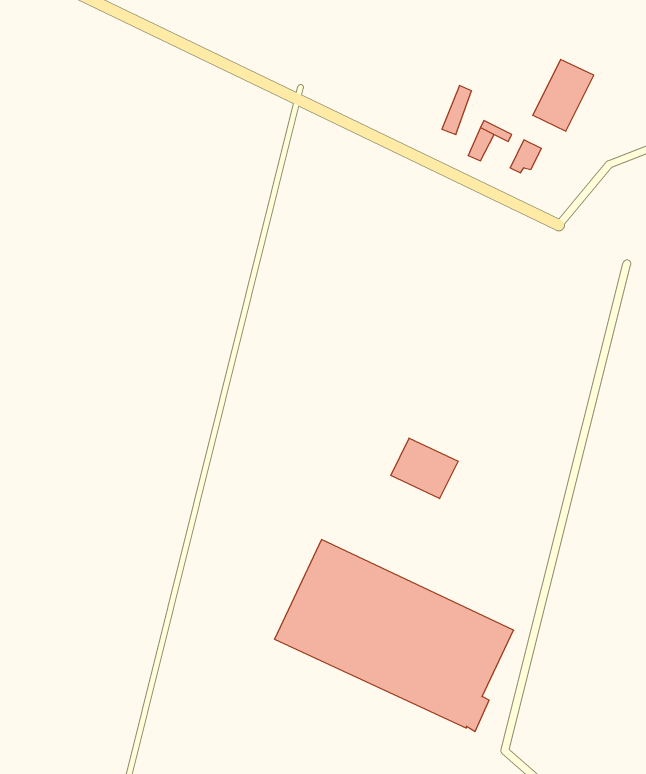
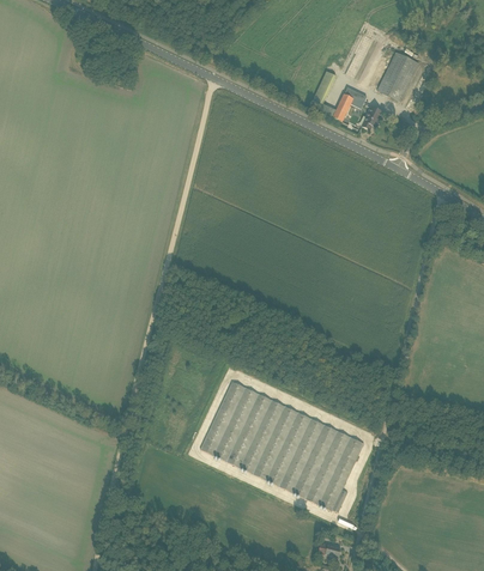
building: [391,438,458,499] -> none

